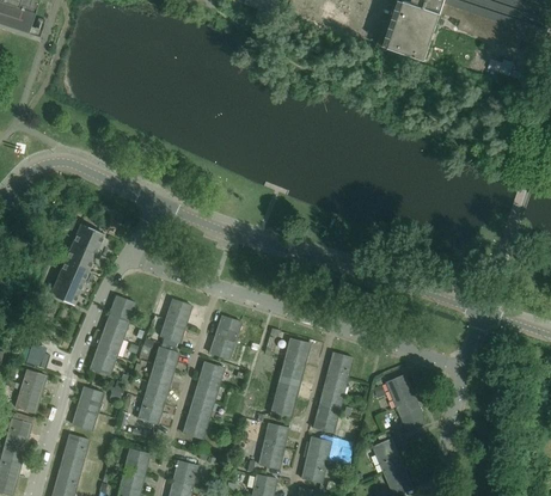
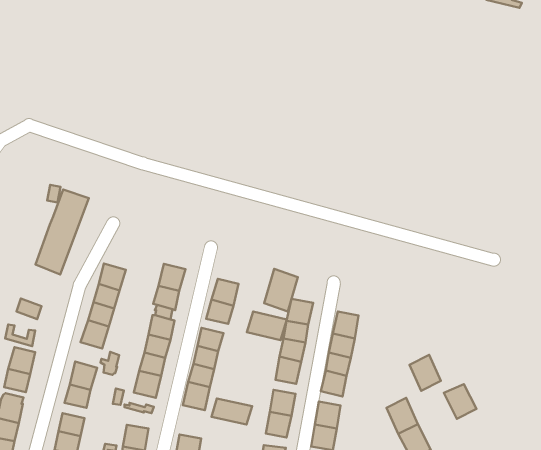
building: none -> [264,269,298,311]
building: none -> [247,311,287,340]
building: [386,375,416,408] -> [444,384,476,419]
building: none -> [211,398,252,424]

